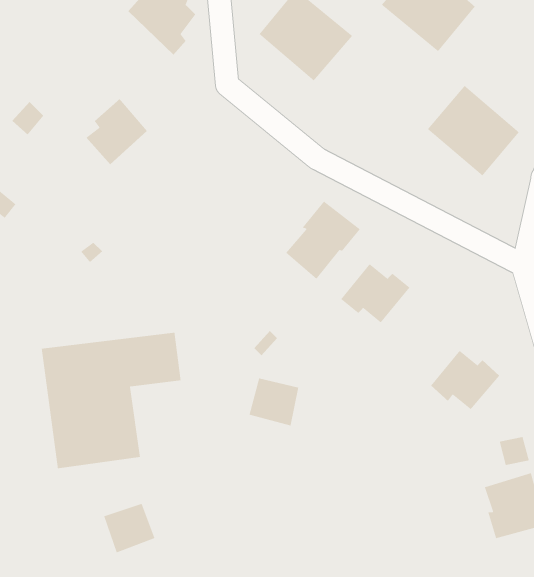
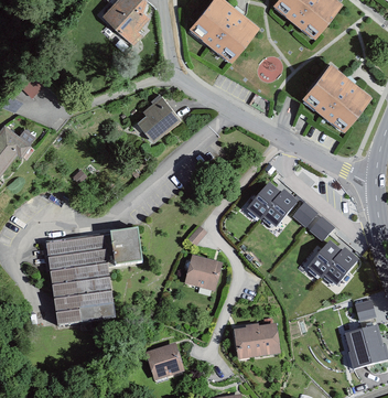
building: [86,98,148,165] -> [138,94,180,139]
building: [285,200,361,280] -> none
building: none -> [292,202,332,238]
building: none -> [233,324,276,356]
building: [103,503,155,553] -> [147,348,182,383]

